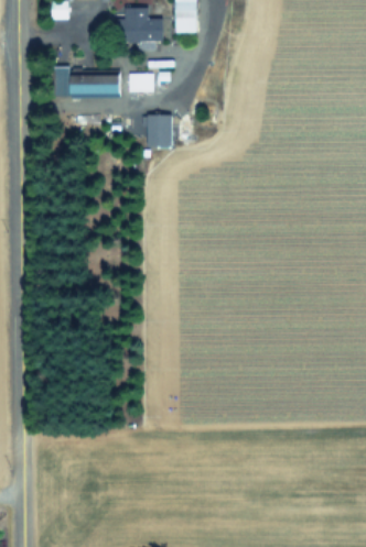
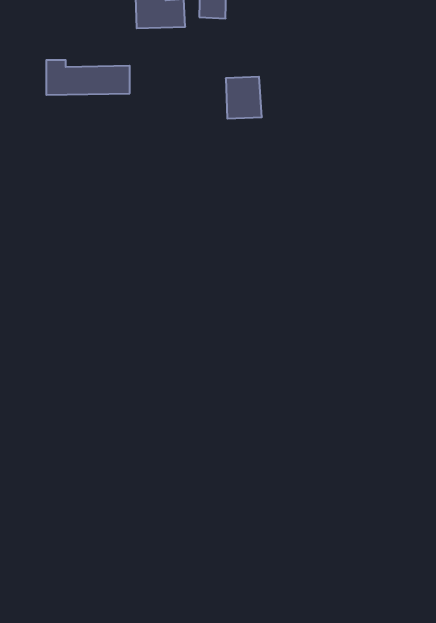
building: [129,74,154,92] -> none
building: [144,114,173,147] -> [226,77,262,119]

